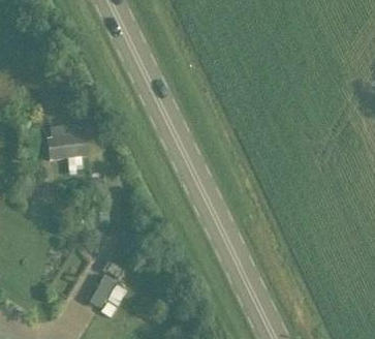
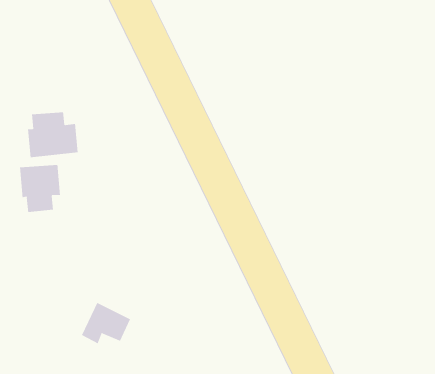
building: none -> [19,164,61,213]

